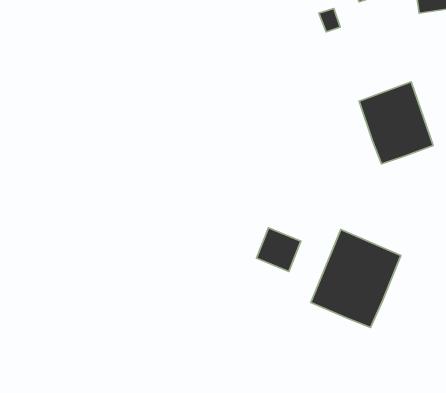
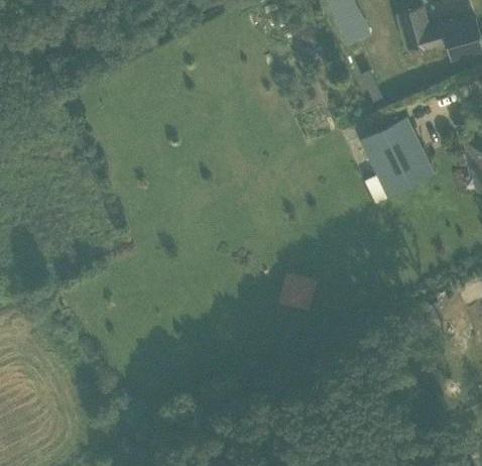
building: [311,229,401,327] -> none

